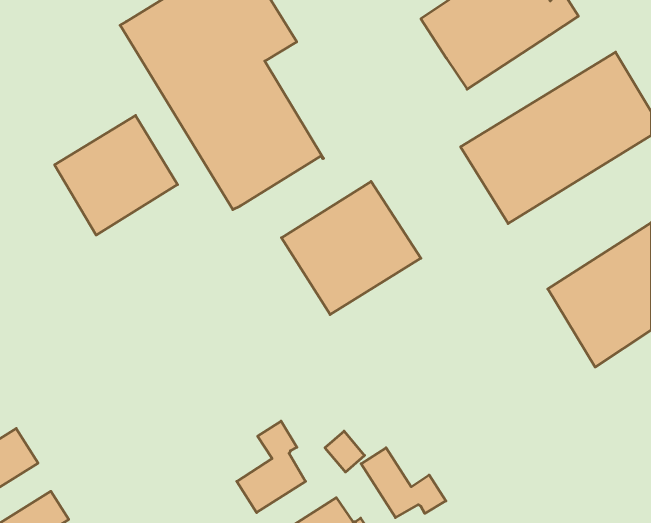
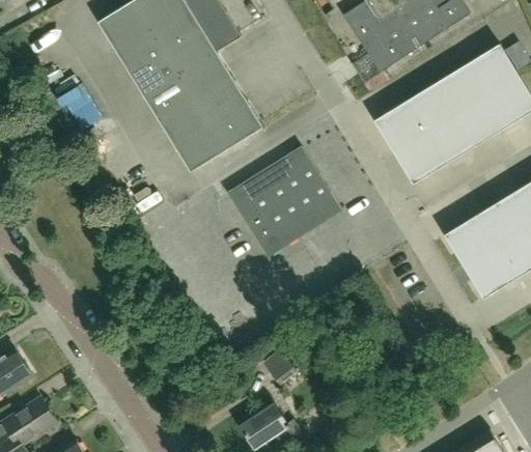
building: [55,115,178,235] -> none
building: [237,421,306,513] -> none
building: [361,448,446,518] -> none

